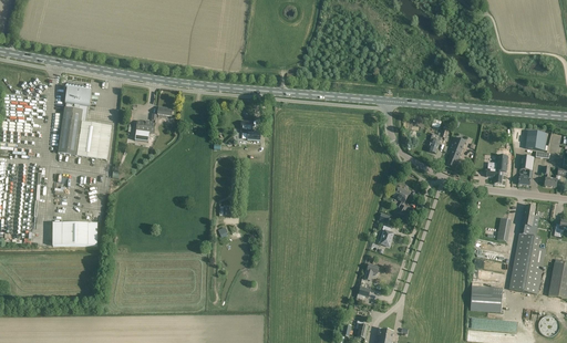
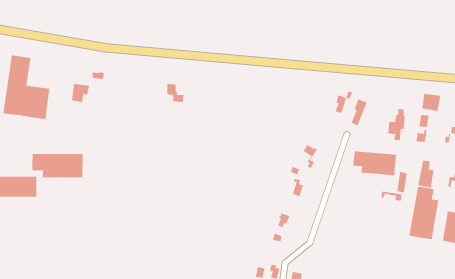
building: none -> [353,150,396,176]
building: none -> [31,153,83,178]
building: [471,284,503,311] -> none

